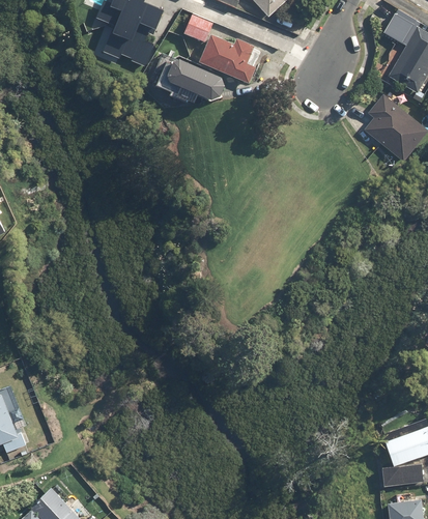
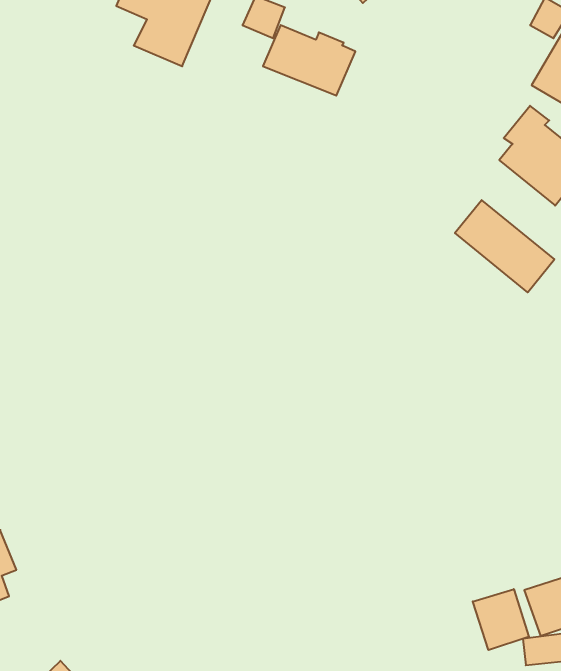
building: [154,50,223,99] -> none
building: none -> [455,200,554,292]
building: none -> [473,589,529,650]

